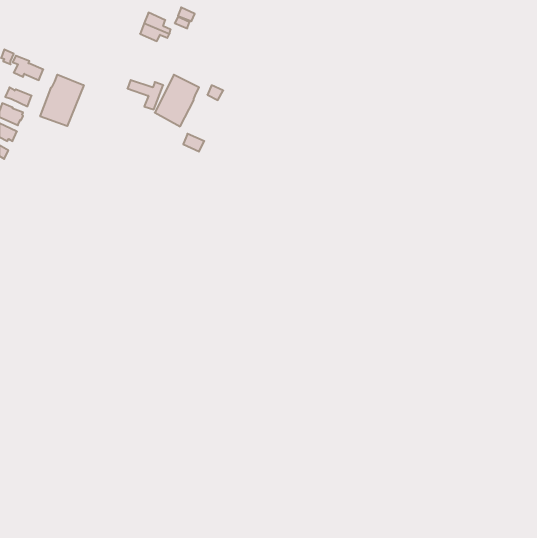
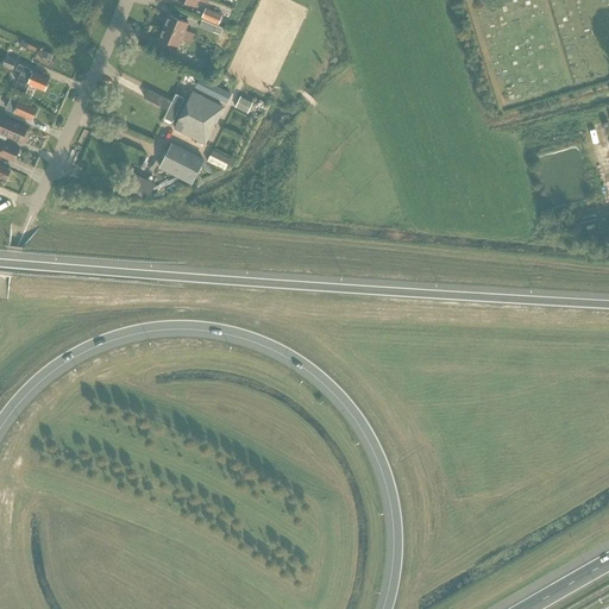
building: [40,75,84,126] -> none
building: none -> [159,145,201,182]

